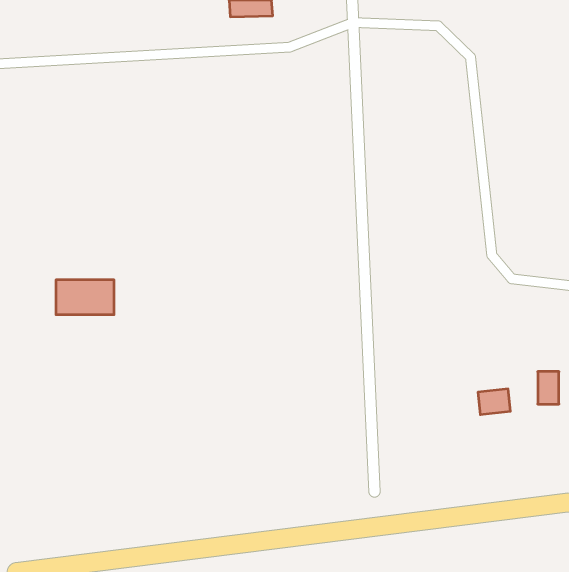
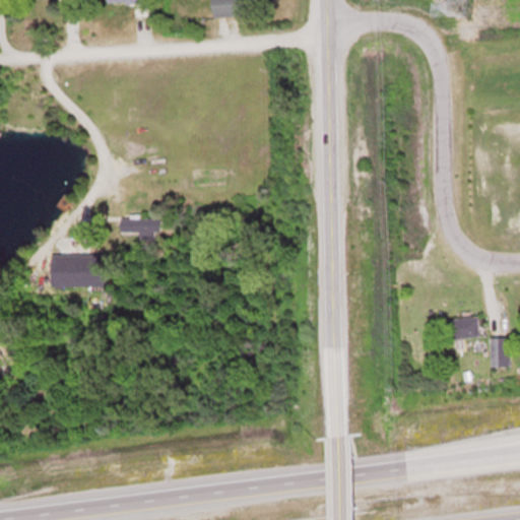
building: none -> [119,218,159,233]
building: [478,389,510,415] -> [449,315,478,338]

